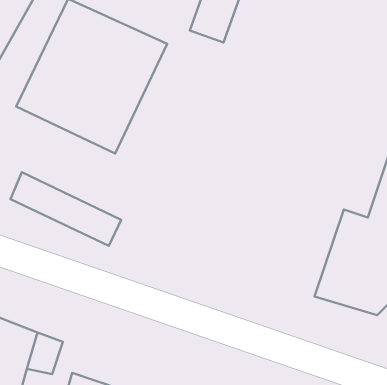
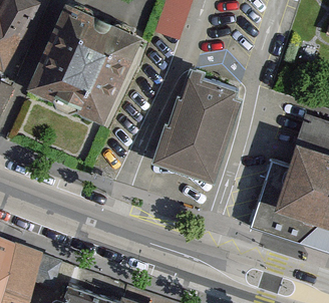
building: none -> [150,74,242,184]
building: [10,172,121,246] -> none

